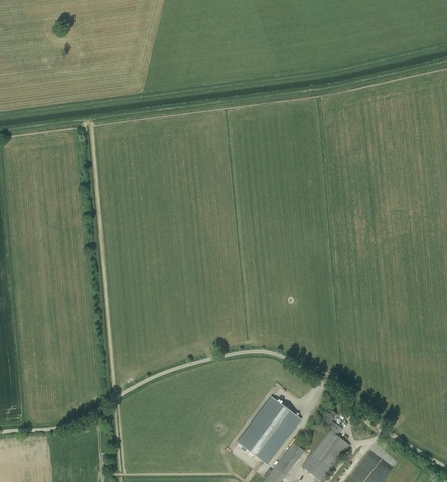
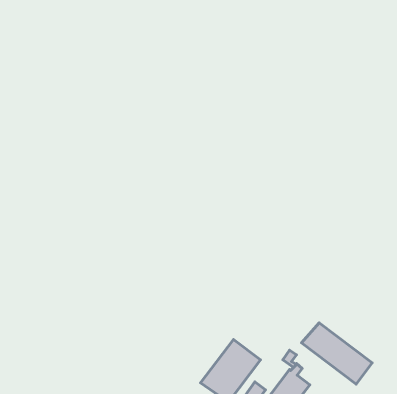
building: none -> [302,323,372,384]

